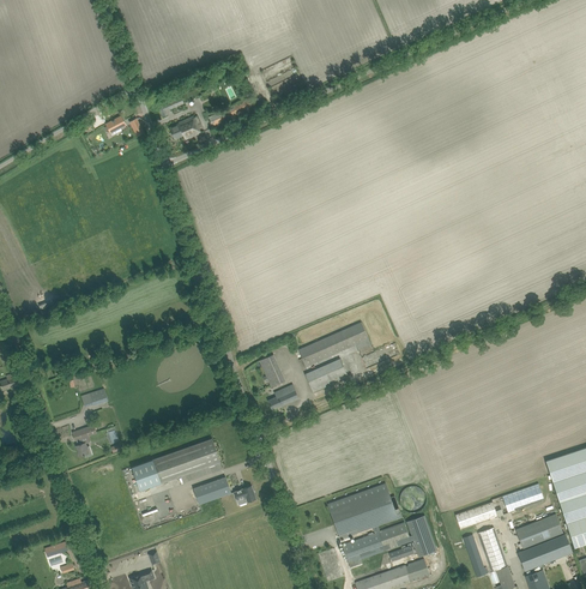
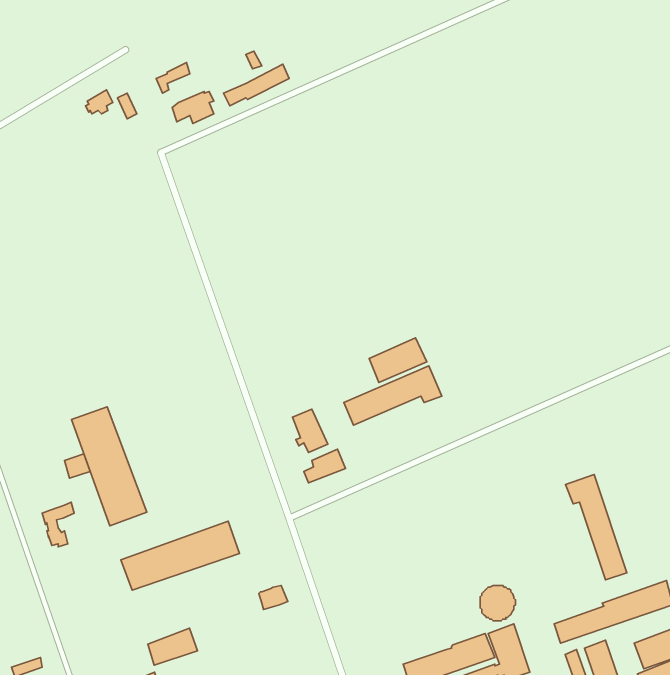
building: none -> [72,407,147,526]
building: [304,359,348,392] -> [369,338,427,383]
building: none -> [565,474,627,580]
building: [193,476,230,504] -> [148,628,198,665]
building: [326,483,401,539] -> none

